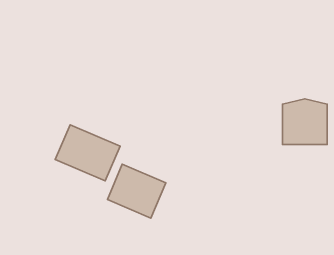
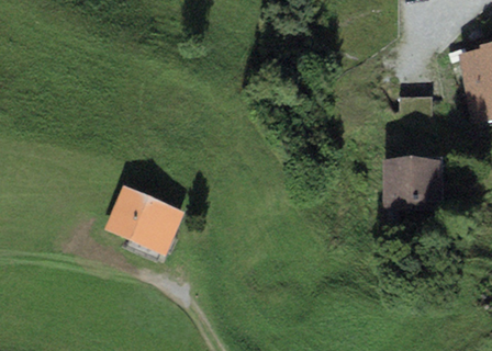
building: [107,164,166,218] -> none

